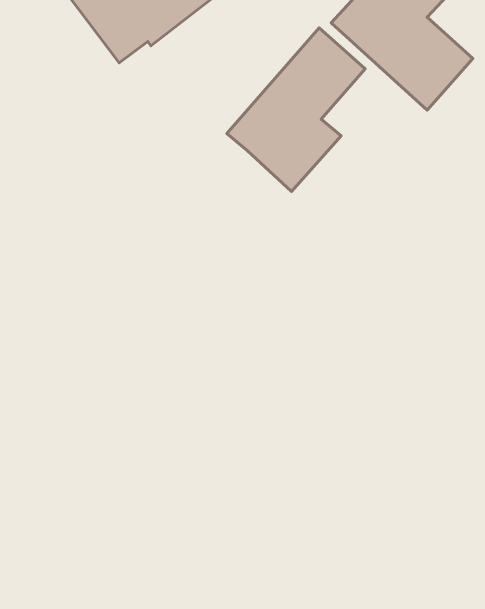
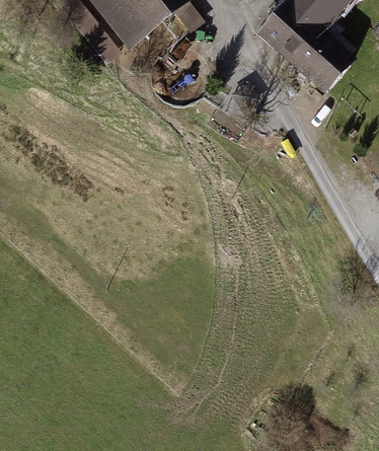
building: [227,28,365,192] -> none

